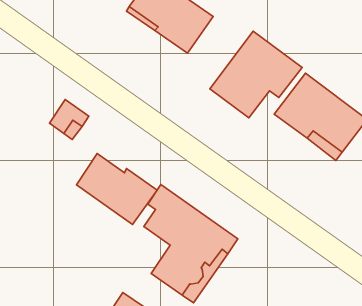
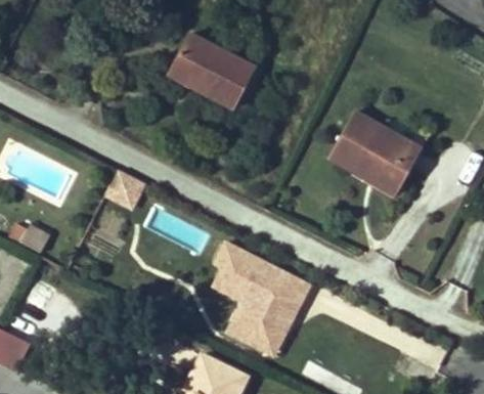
building: [210,31,302,118] -> none
building: [77,154,157,225] -> none

